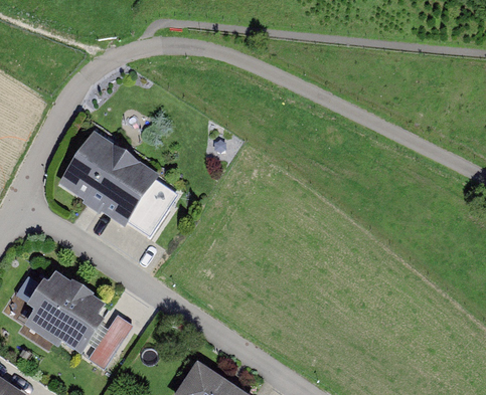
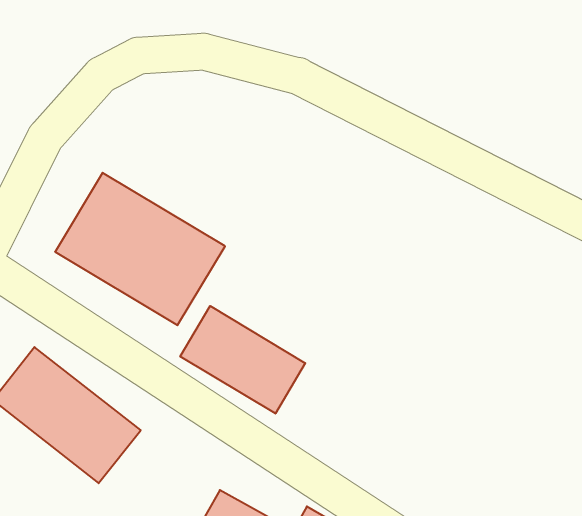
building: none -> [180,306,305,414]

